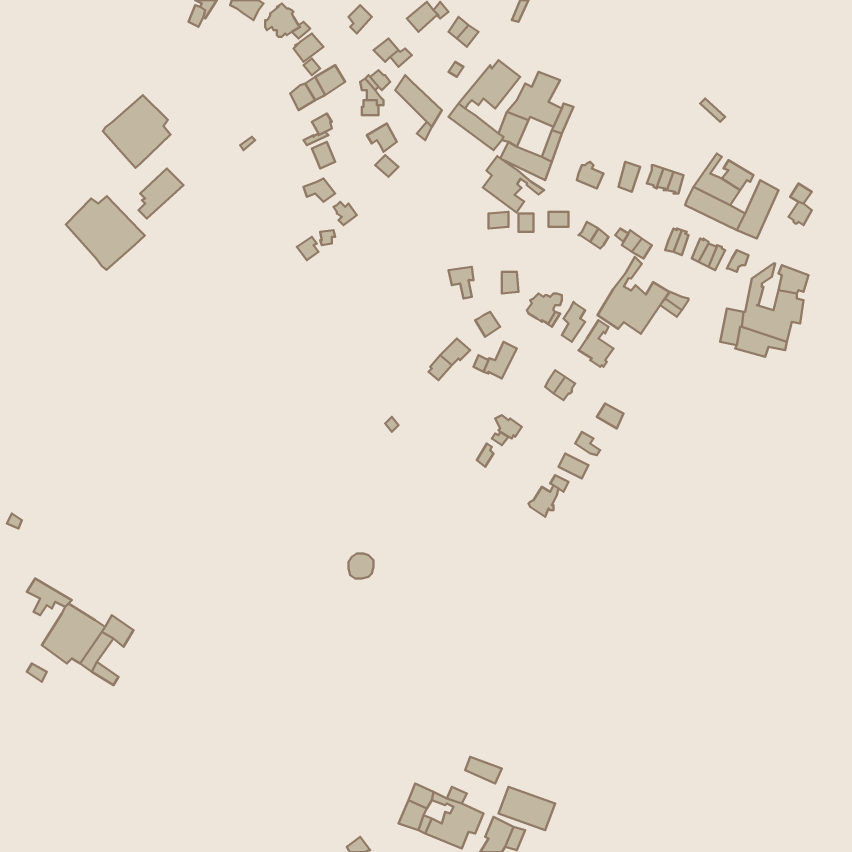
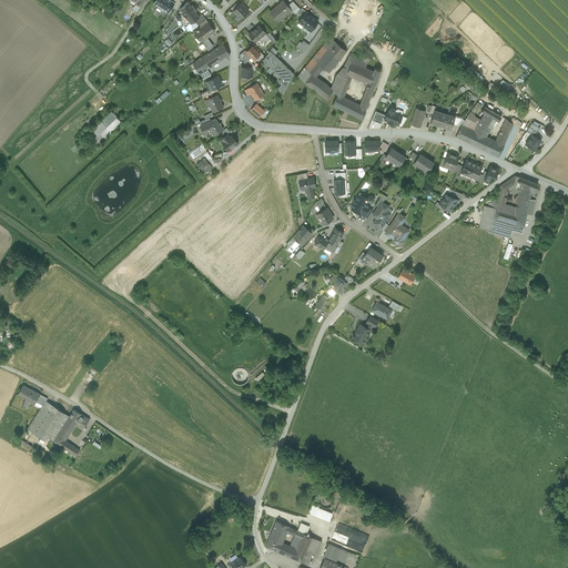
building: [103,95,171,168] -> none
building: [483,156,544,213] -> none
building: [66,196,145,270] -> none
building: [597,257,669,334] -> none

